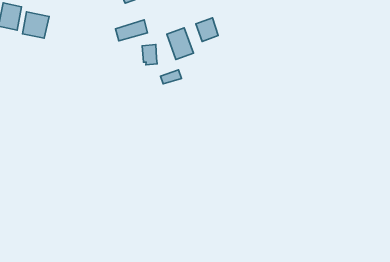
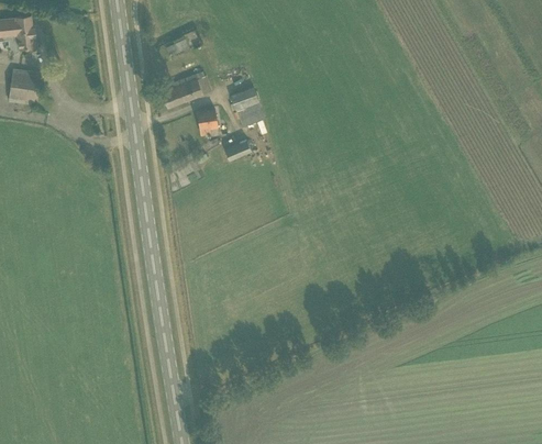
building: [22,12,49,38] -> none
building: [196,18,218,41] -> none

